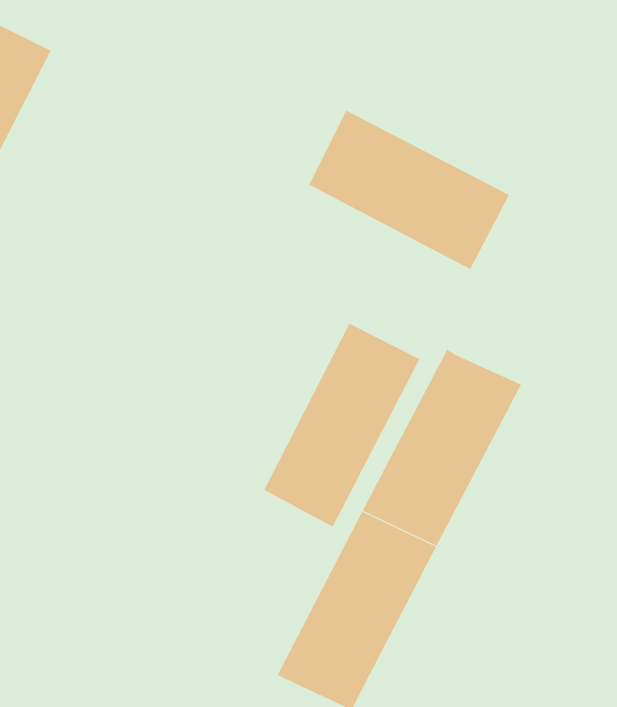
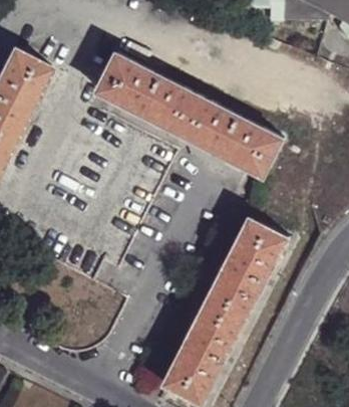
building: none -> [98,54,200,135]
building: [263,323,420,527] -> none

